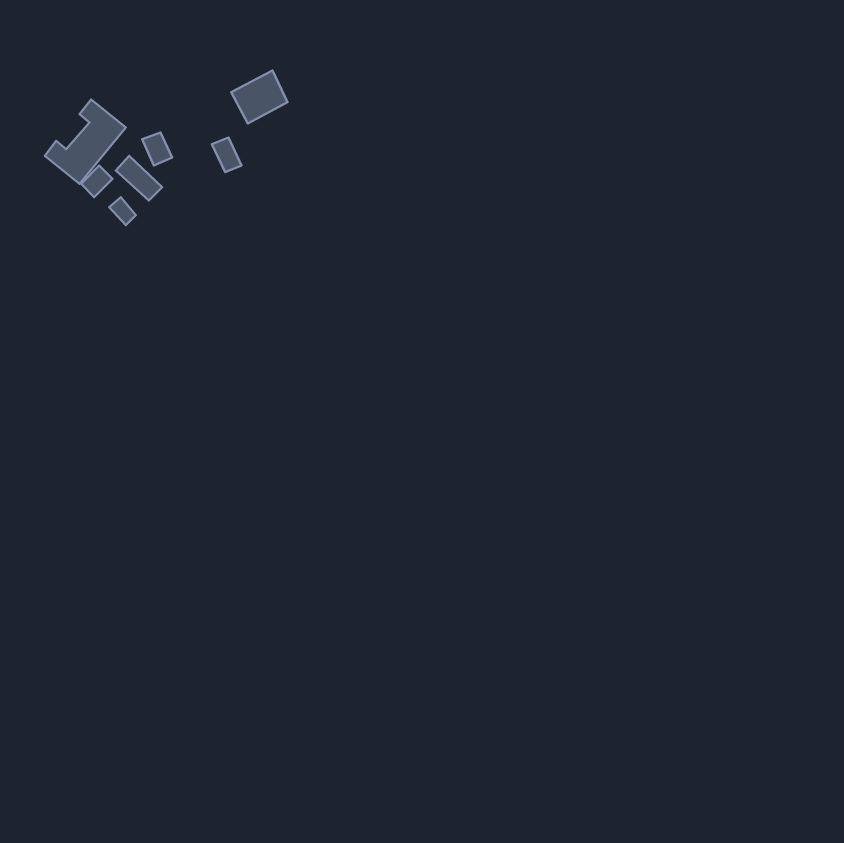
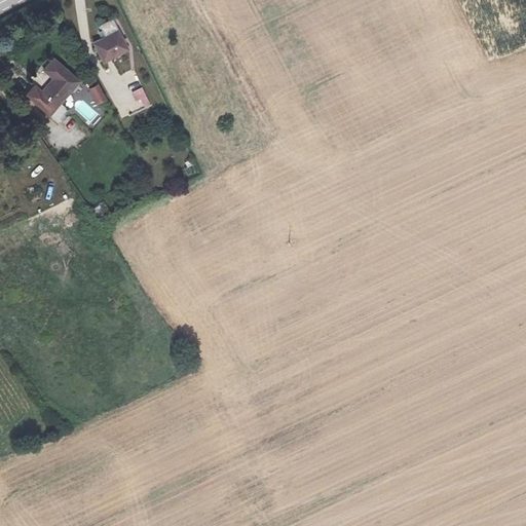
building: [231,71,287,124] -> [92,29,127,62]

